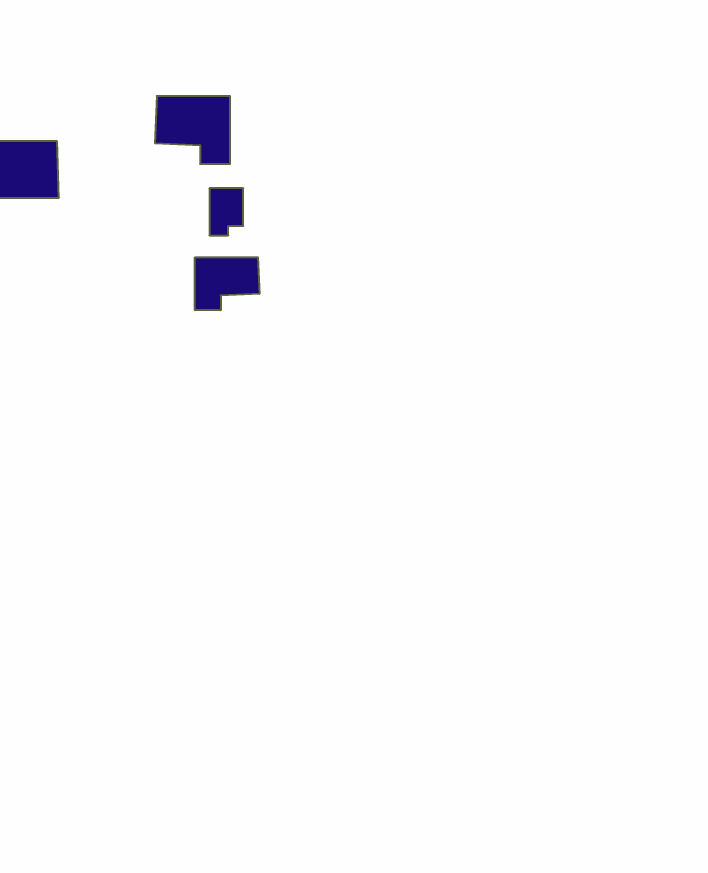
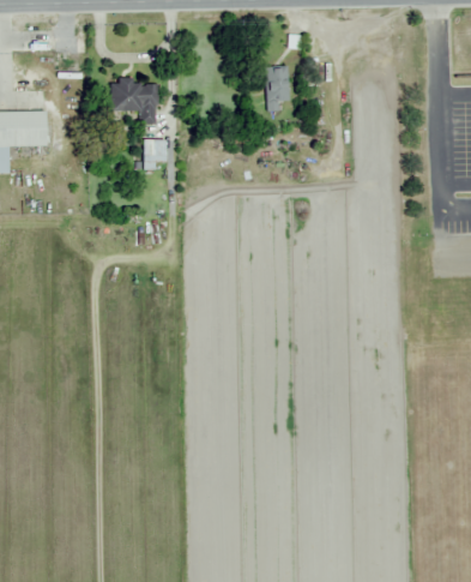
building: none -> [262,67,290,101]
building: [195,257,259,310] -> none

